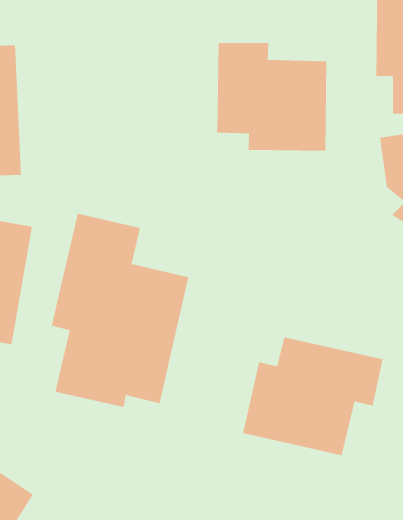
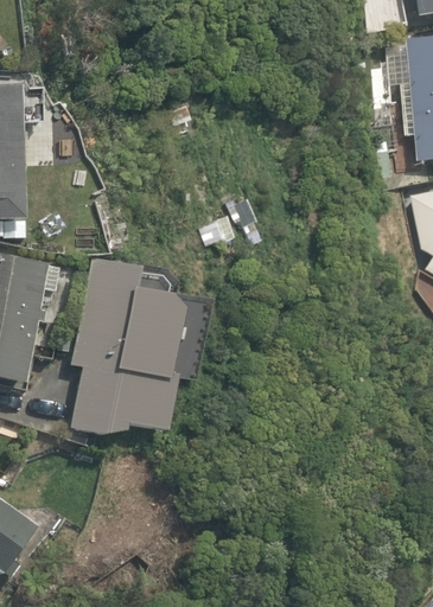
building: [216,42,327,152] -> none
building: [242,336,384,456] -> none

